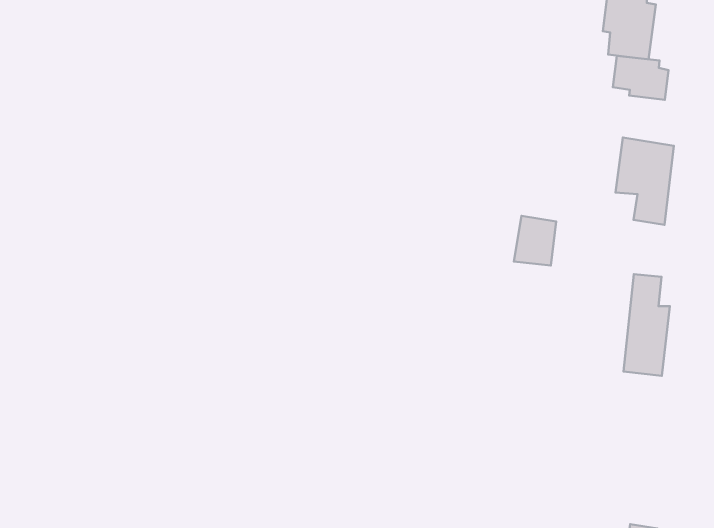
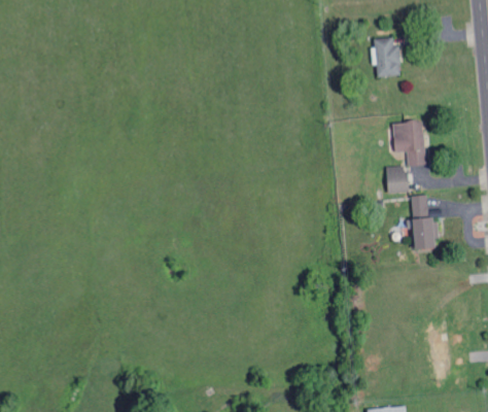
building: [613,56,669,100] -> none
building: [514,216,556,266] -> [387,167,408,193]

